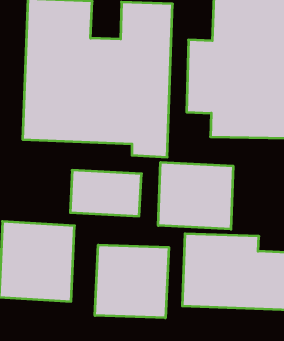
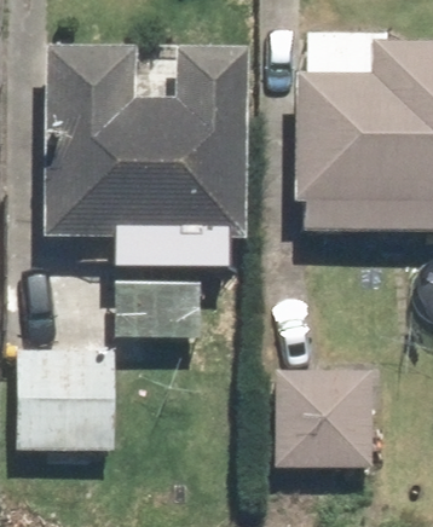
building: [158,162,233,229] -> none
building: [95,245,169,318] -> none

